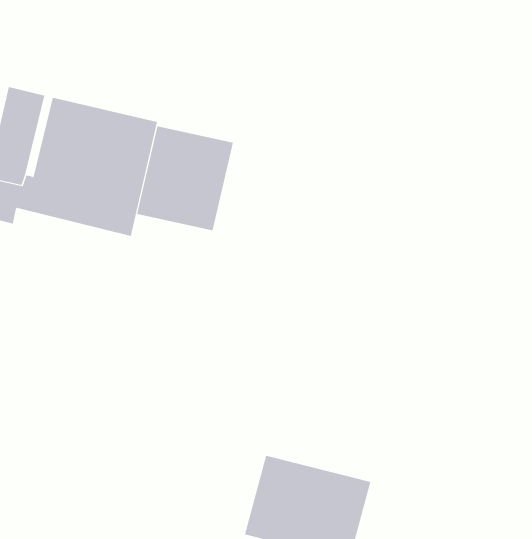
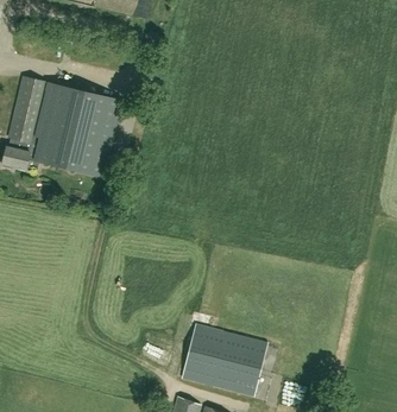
building: [137,126,233,231] -> none

